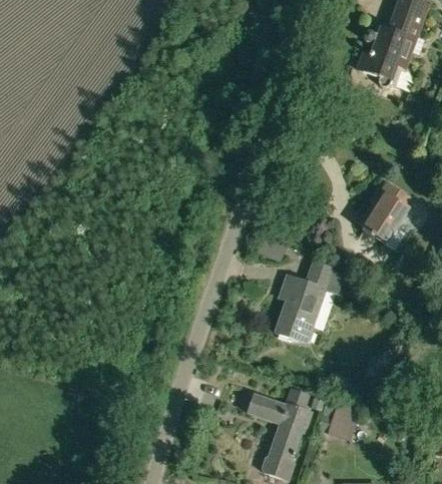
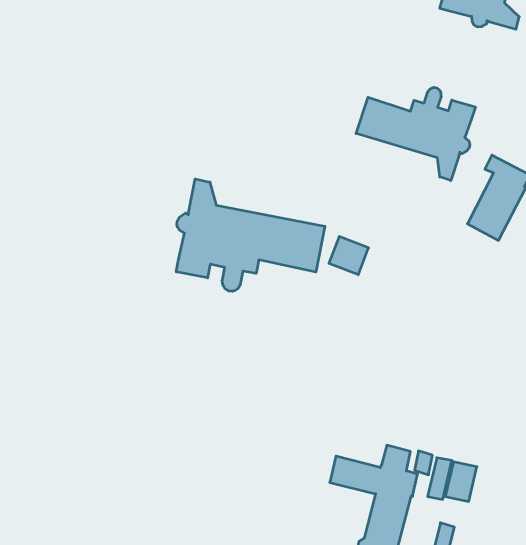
building: none -> [356,87,475,181]
building: none -> [176,179,325,291]
building: [276,261,345,344] -> none

